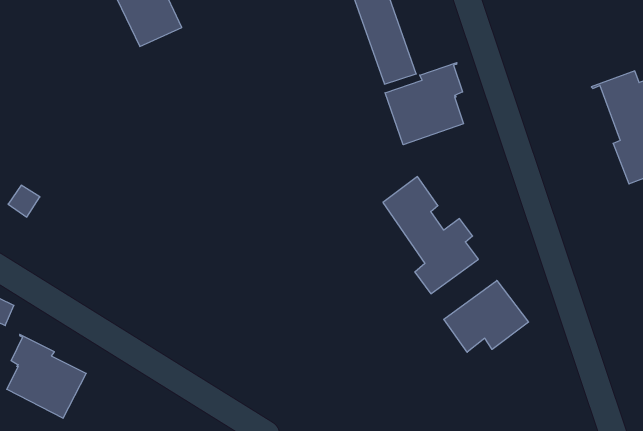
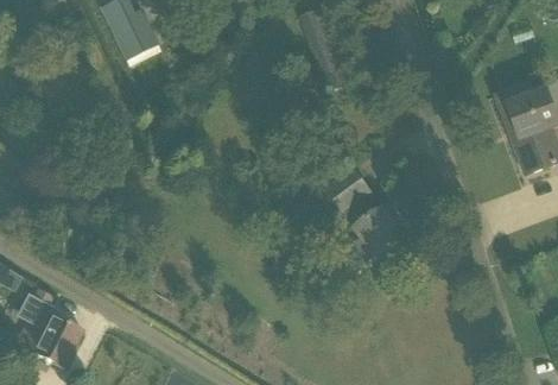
building: [385,63,464,145] -> none
building: [444,280,529,352] -> none

